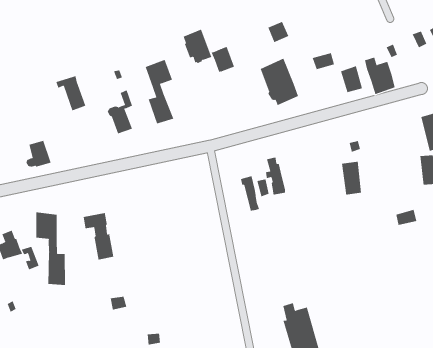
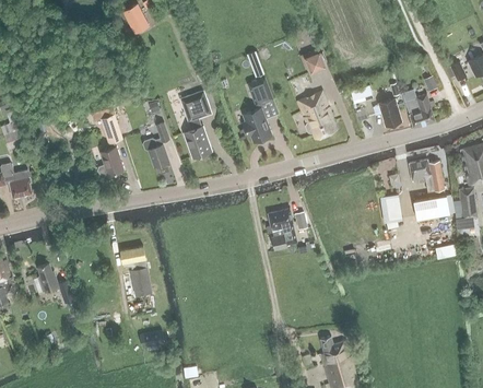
building: [183,29,212,64] -> [241,107,271,142]
building: none -> [409,160,444,192]
building: [25,140,51,167] -> [97,148,123,175]
building: [265,157,286,195] -> [267,212,287,250]
building: none -> [412,197,448,220]
building: [36,211,66,286] -> none

